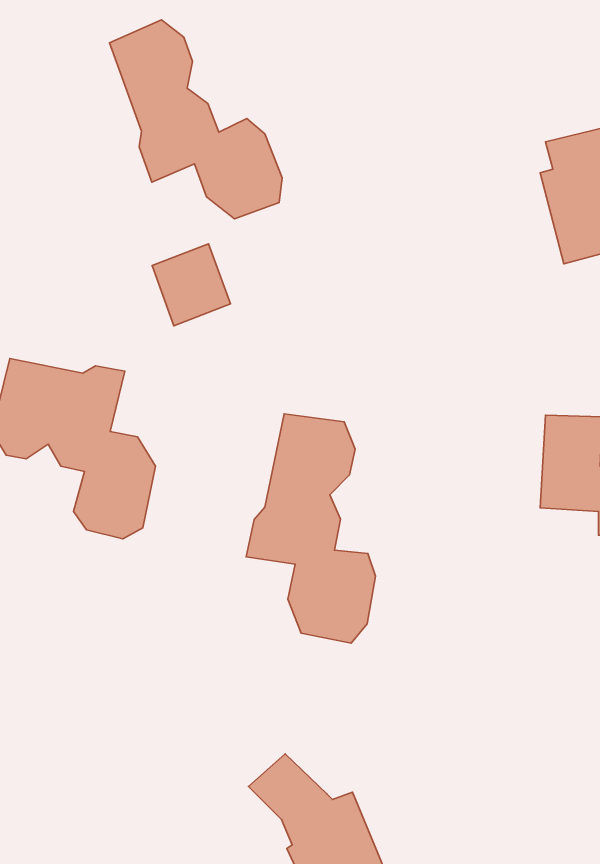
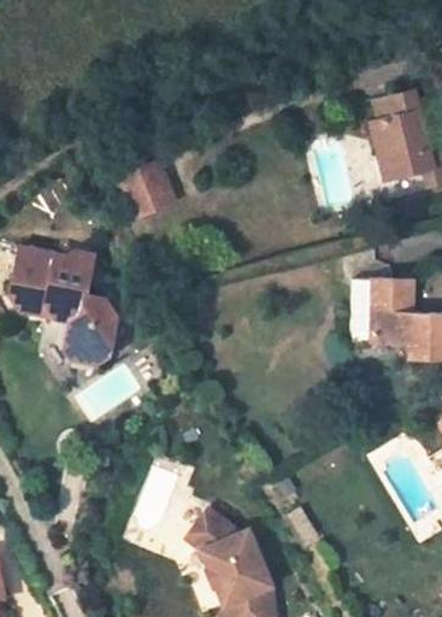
building: [110,20,282,219] -> none
building: [246,414,376,643] -> none

